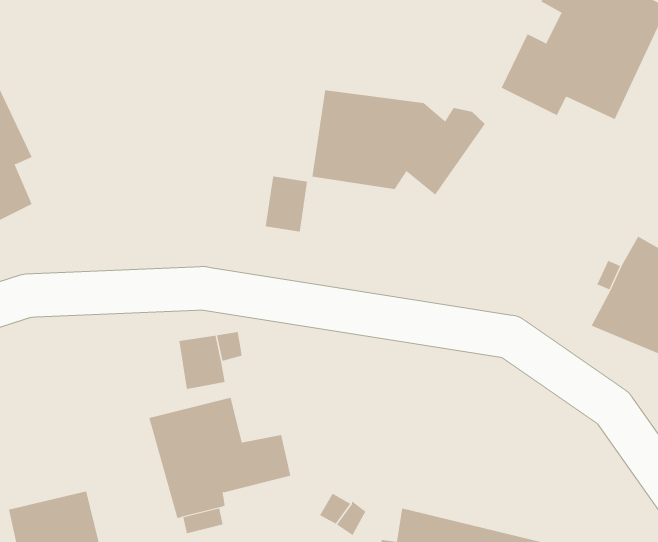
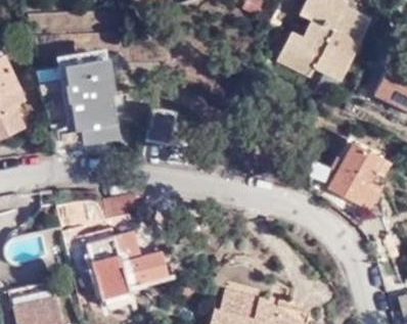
building: none -> [69,61,117,143]
building: [312,89,486,195] -> none

